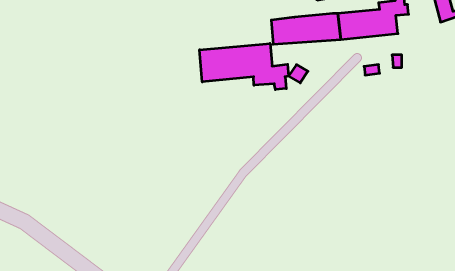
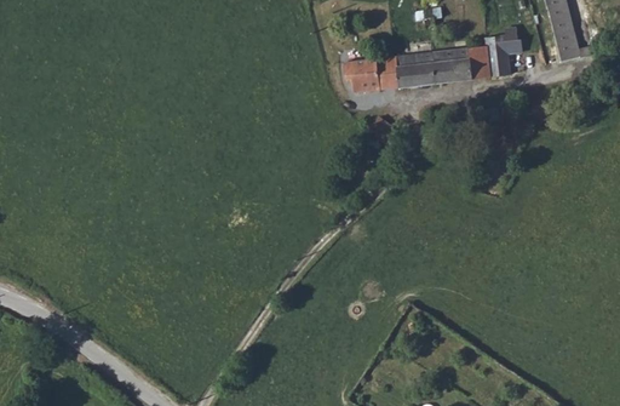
building: [200,43,289,90] -> none

